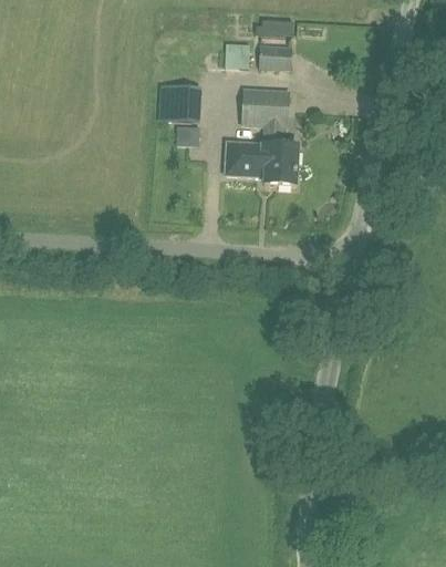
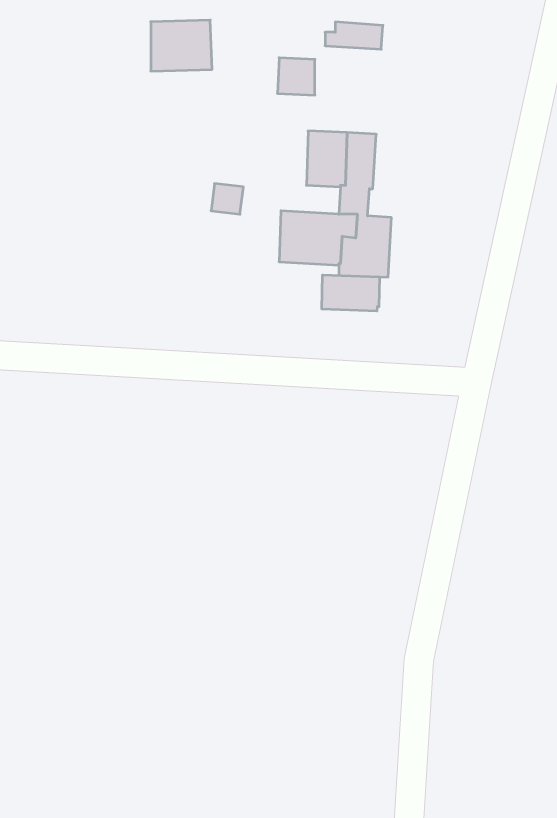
building: [257,44,289,70] -> none
building: [162,84,201,117] -> [151,20,212,71]
building: none -> [322,275,379,311]

